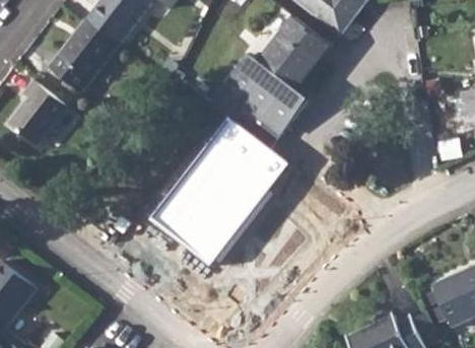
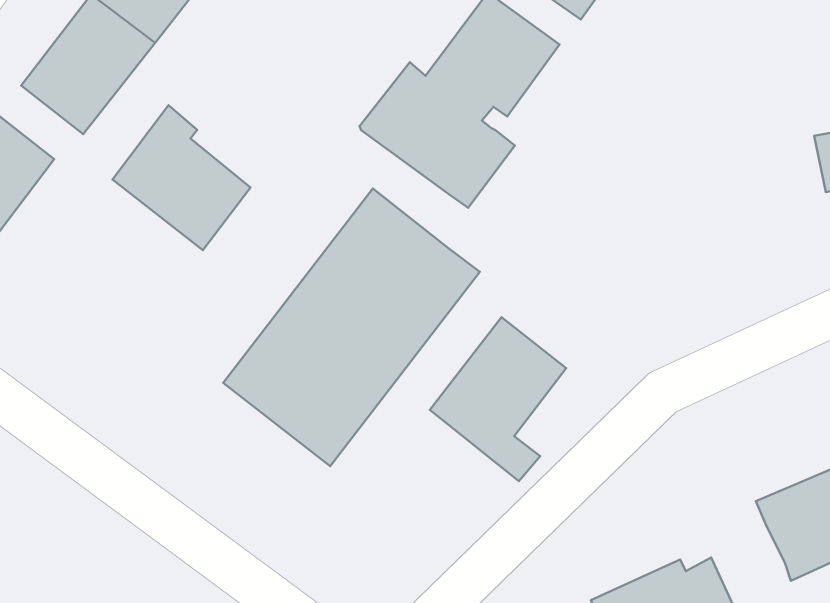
building: none -> [112,105,251,250]
building: none -> [430,317,566,481]

